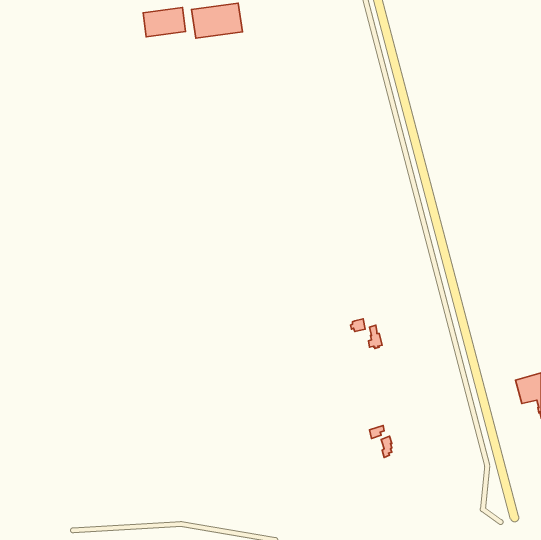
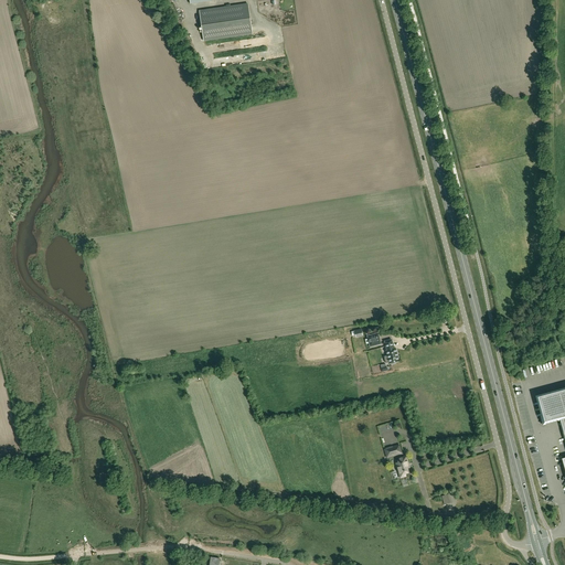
building: [143,7,185,37] -> none

